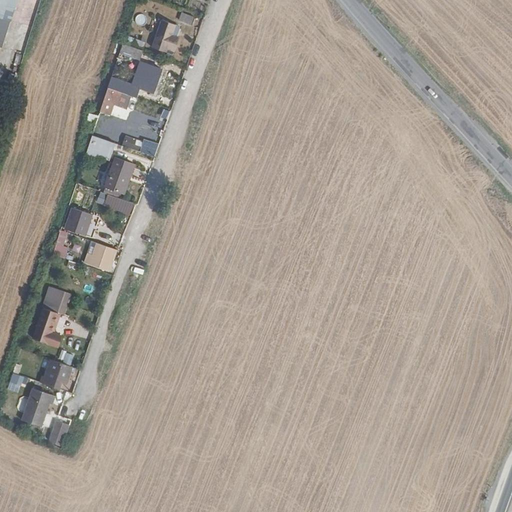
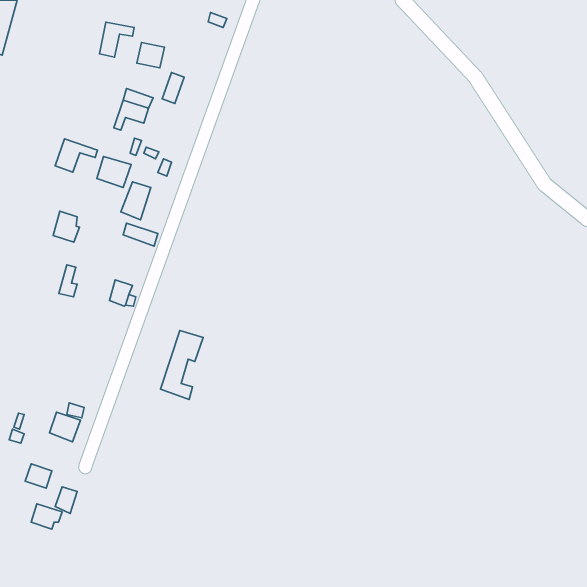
building: [151,18,179,53] -> none
building: none -> [100,22,134,57]
building: none -> [55,139,98,172]
building: [66,208,89,235] -> [53,211,80,242]
building: [33,287,70,347] -> [160,331,203,400]
building: [27,388,54,410] -> [31,504,62,529]

